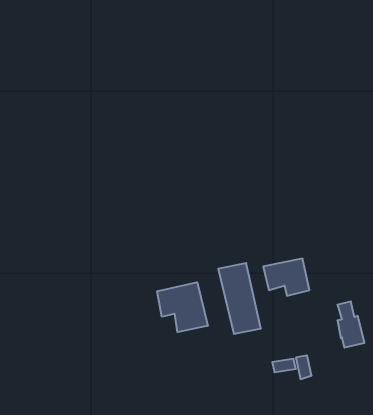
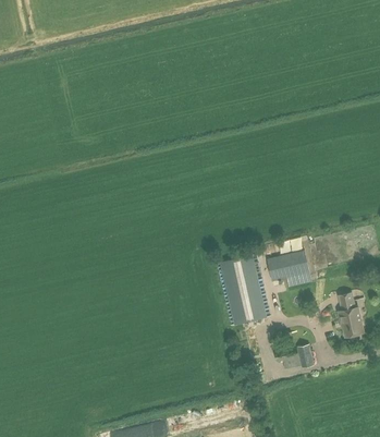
building: [157,282,208,332] -> none

